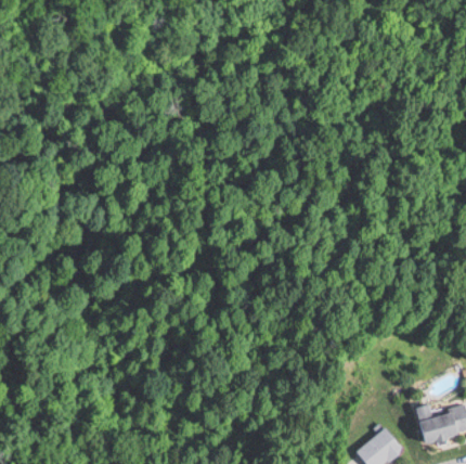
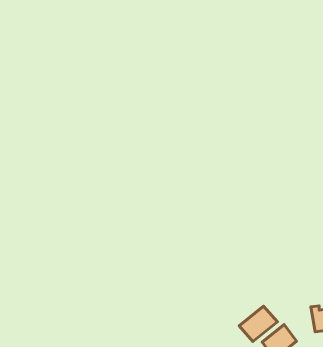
building: none -> [239,306,277,342]

